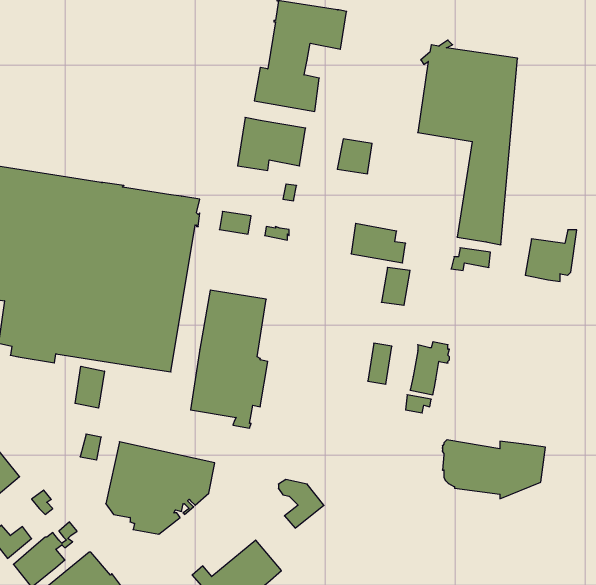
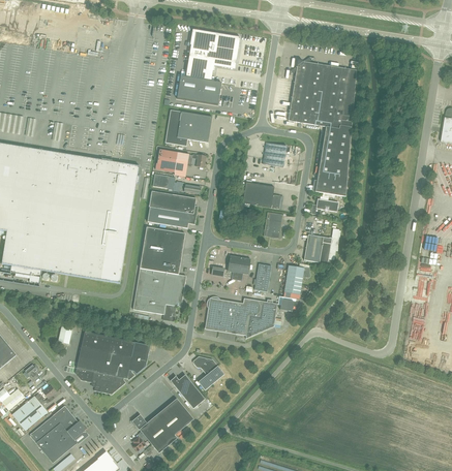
building: [337,139,372,174] -> [262,143,285,166]
building: none -> [154,149,191,171]
building: [525,230,577,281] -> [303,228,338,263]
building: none -> [147,190,197,228]
building: none -> [211,255,249,281]
building: [75,366,104,408] -> none
building: [442,440,545,499] -> [206,297,276,338]
building: none -> [170,374,204,408]

